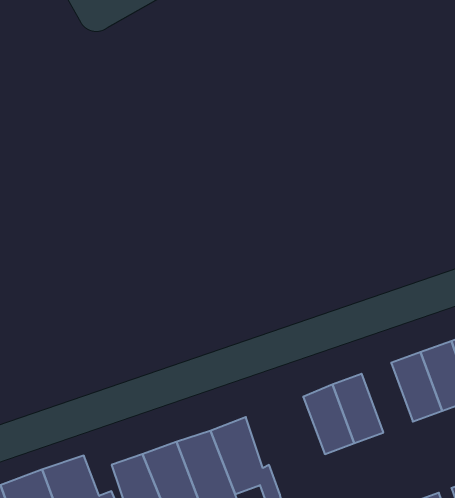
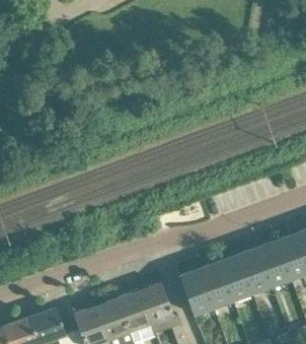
building: none -> [239,247,273,292]
building: none -> [180,269,215,314]

